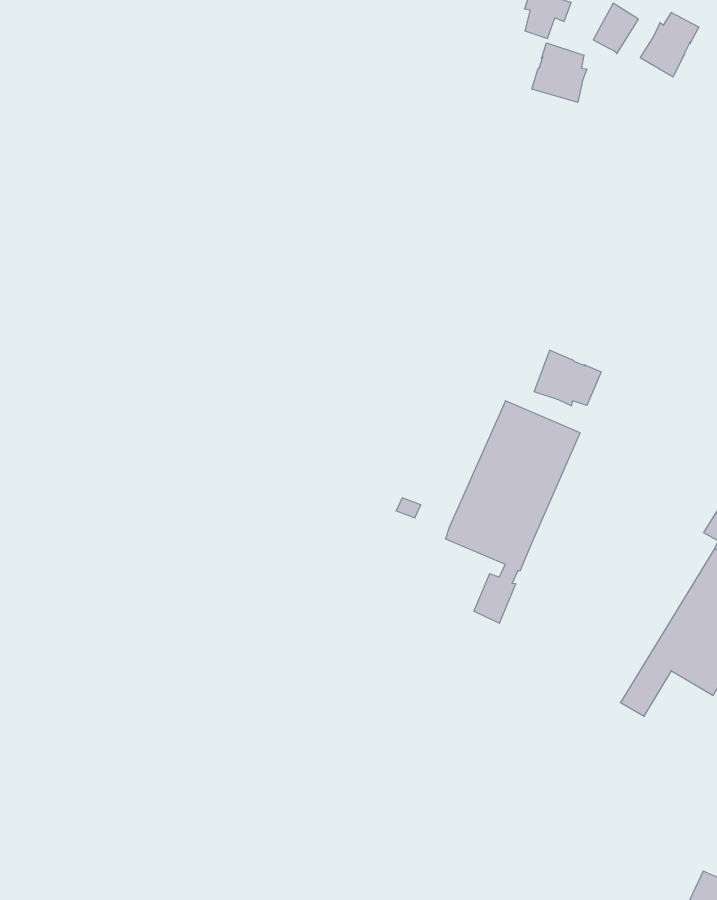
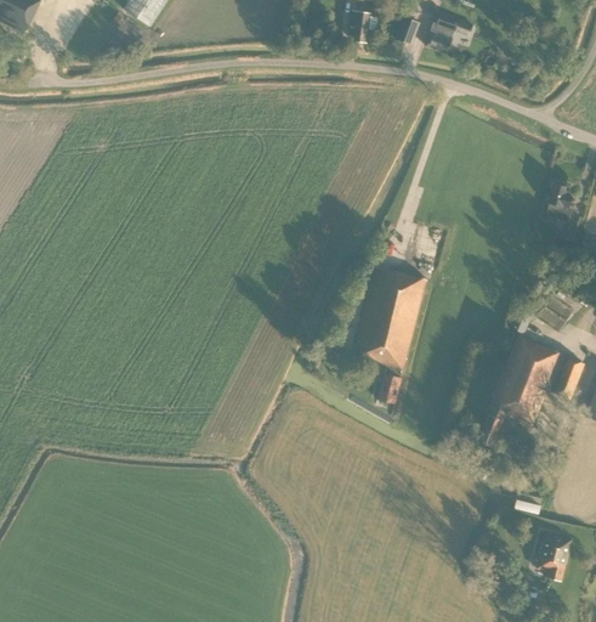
building: [532,43,587,102] -> none
building: [534,350,601,406] -> none

